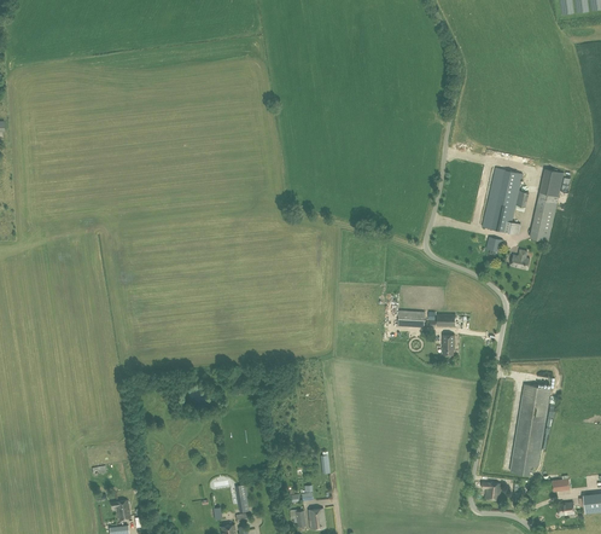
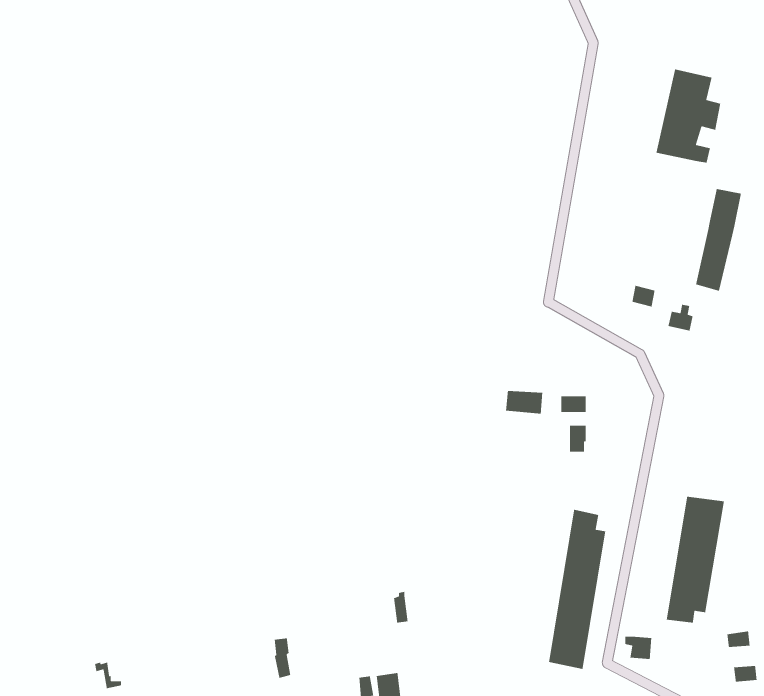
building: [482,167,527,233] -> [655,68,721,164]
building: none -> [548,509,606,670]

